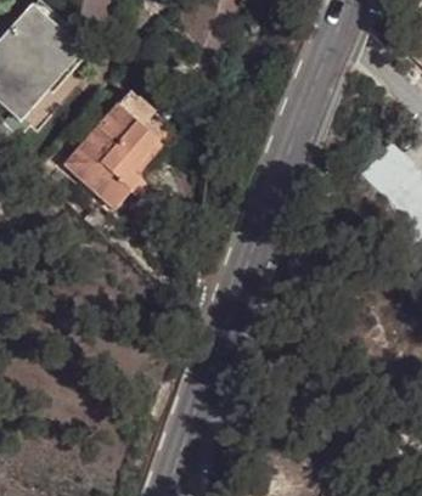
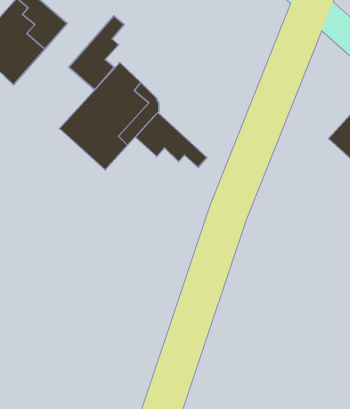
building: none -> [69,16,124,90]
building: none -> [135,112,207,167]

